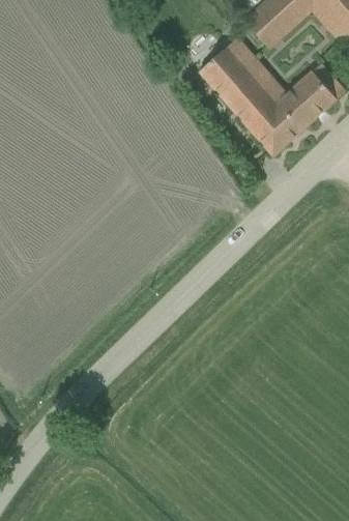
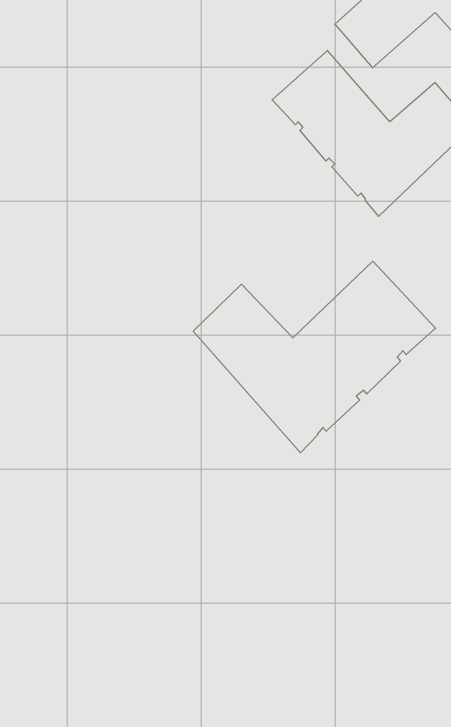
building: none -> [193,261,436,453]

